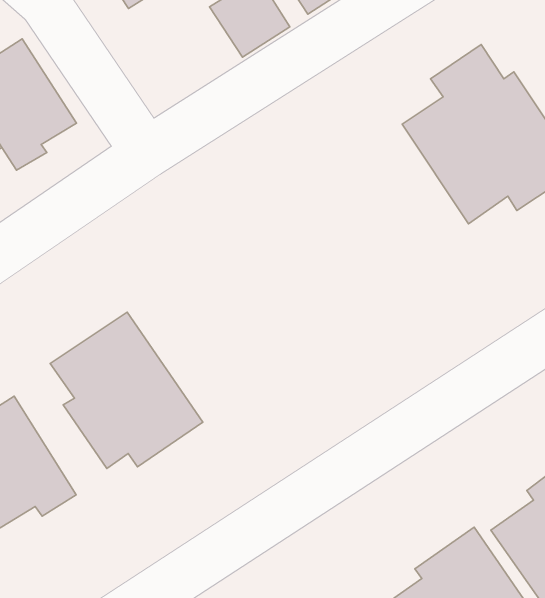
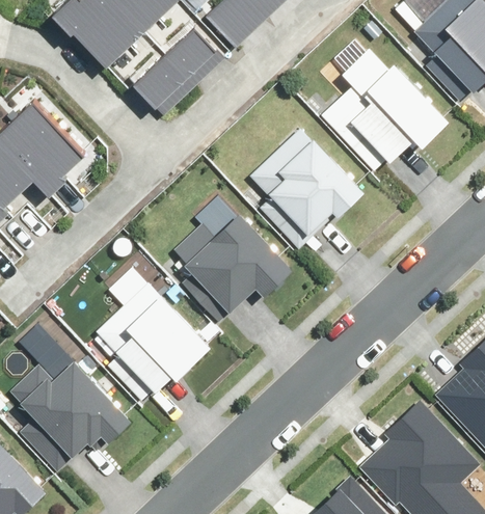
building: none -> [134,54,195,114]
building: none -> [249,125,366,244]
building: none -> [167,214,291,319]

